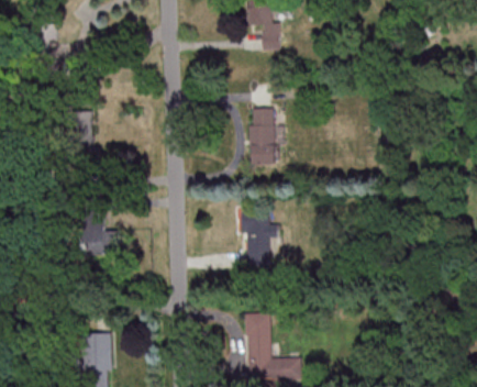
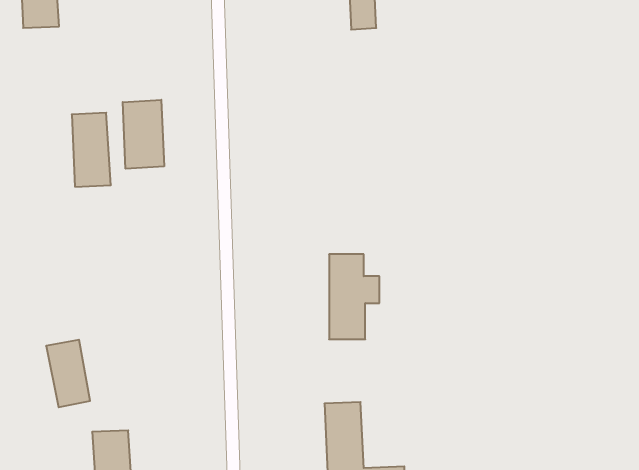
building: none -> [123,100,164,169]
building: [249,109,275,164] -> none
building: [84,210,114,257] -> [46,340,90,407]

